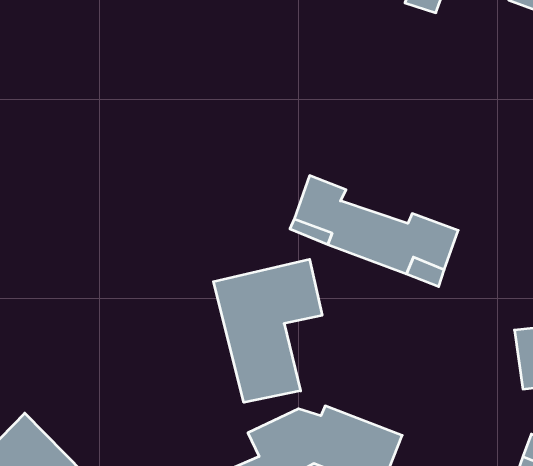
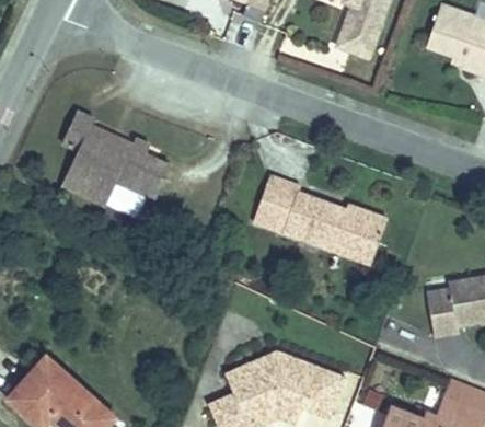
building: none -> [71,123,176,209]
building: [213,259,322,402] -> none

